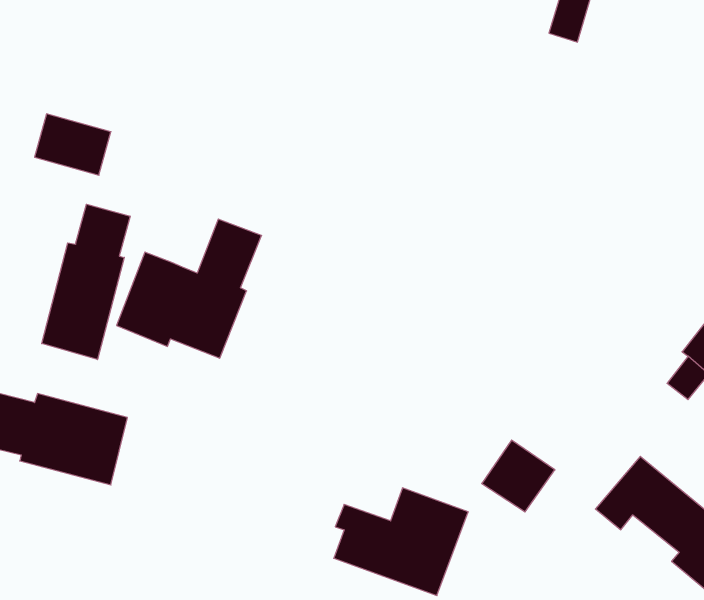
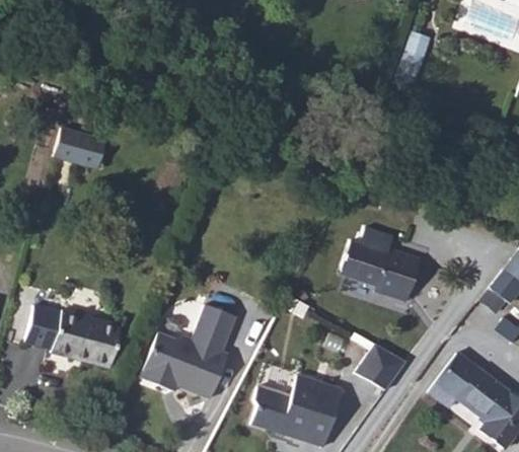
building: [42,204,130,360] -> none
building: [117,219,262,358] -> [134,304,232,398]
building: none -> [340,228,424,301]

